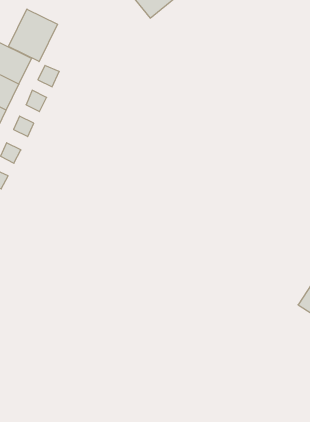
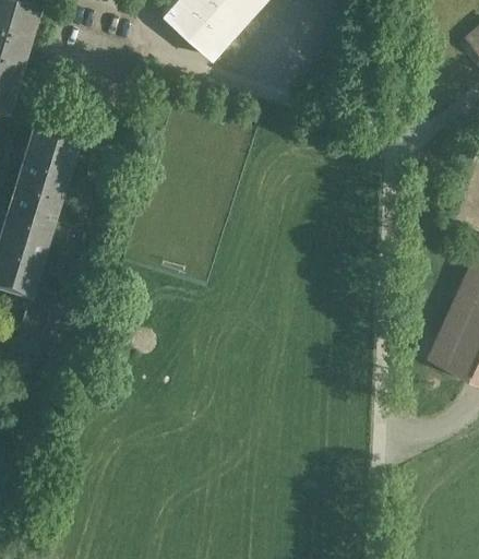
building: [8,9,58,62] -> none

